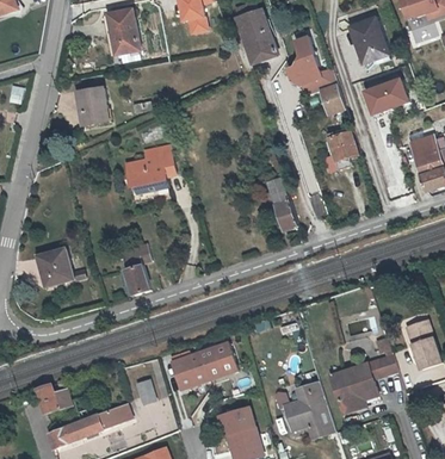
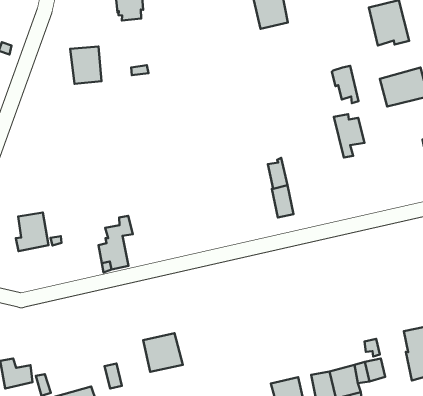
building: [288,37,334,92] -> none
building: [124,143,173,187] -> none
building: [197,339,235,377] -> none

